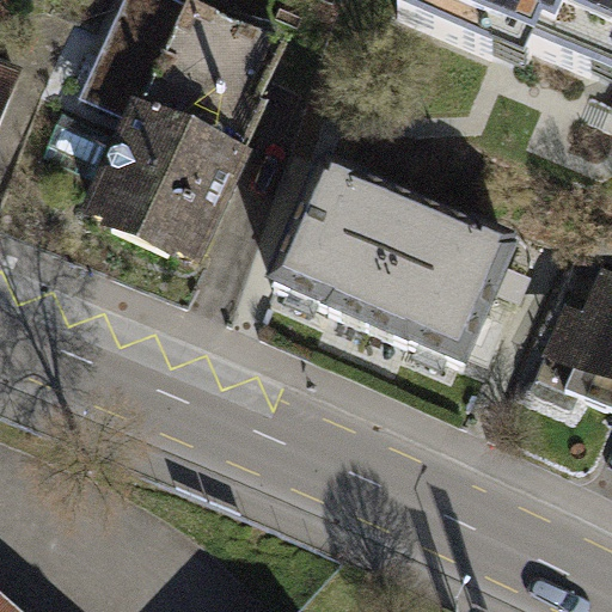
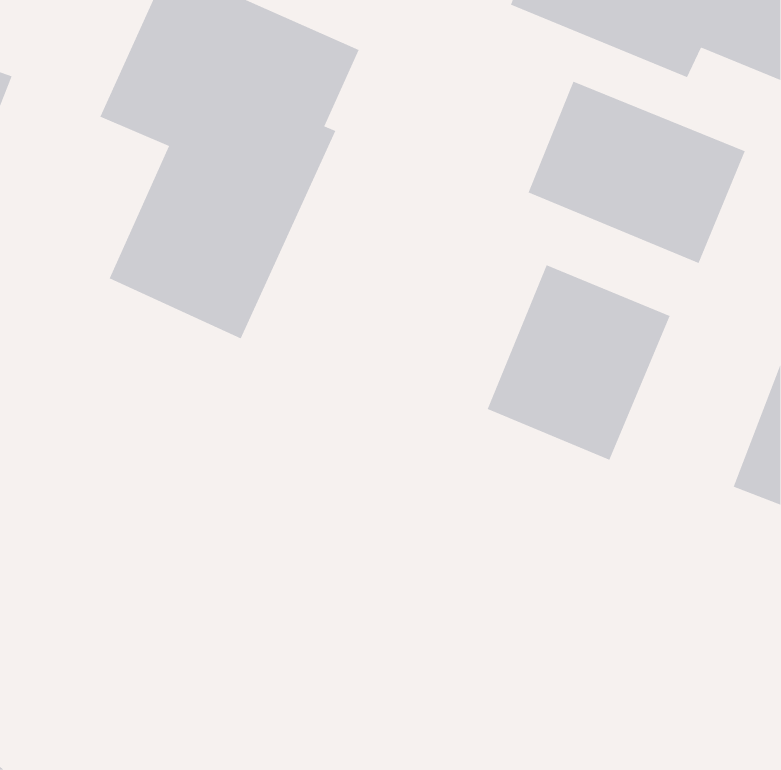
building: none -> [528,81,745,264]
building: [277,164,420,314] -> none

